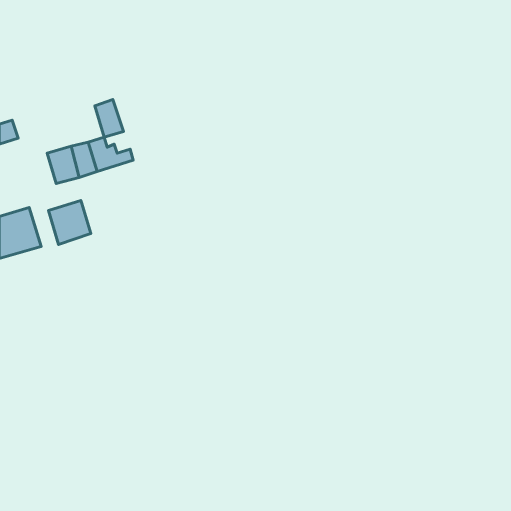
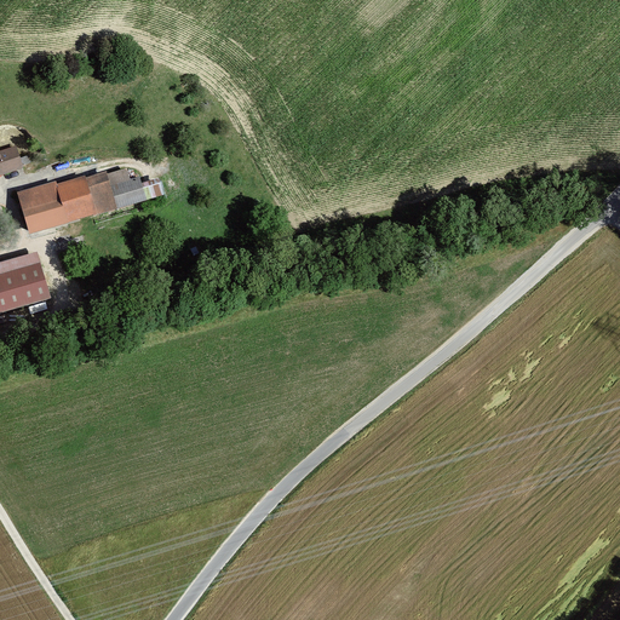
building: [95,99,124,137] -> none
building: [49,201,91,245] -> [17,182,68,235]

